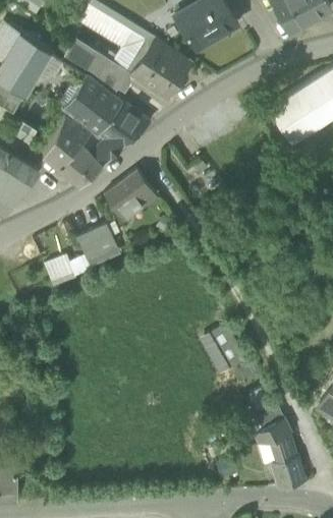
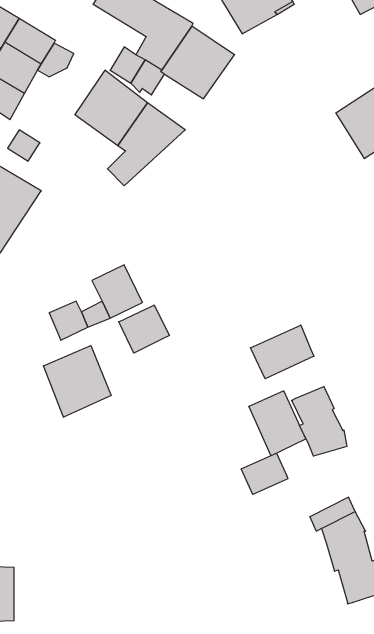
building: [63,39,103,74] -> none
building: [43,117,103,184] -> none
building: [106,171,155,218] -> none
building: none -> [119,305,169,353]
building: none -> [250,325,314,379]
building: none -> [43,346,111,417]
building: none -> [291,386,347,456]
building: none -> [241,453,288,494]

